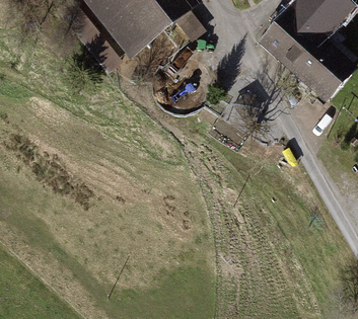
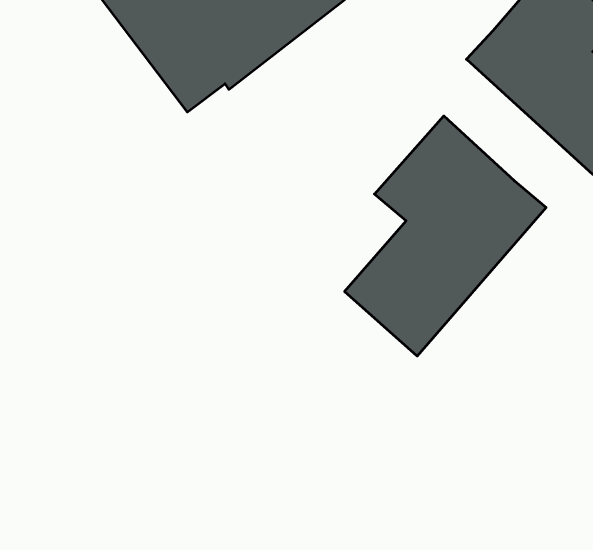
building: none -> [345,116,546,356]

